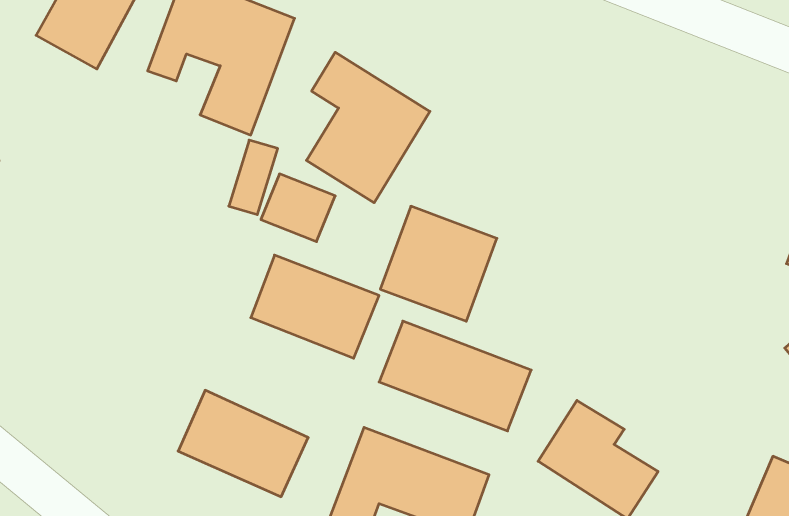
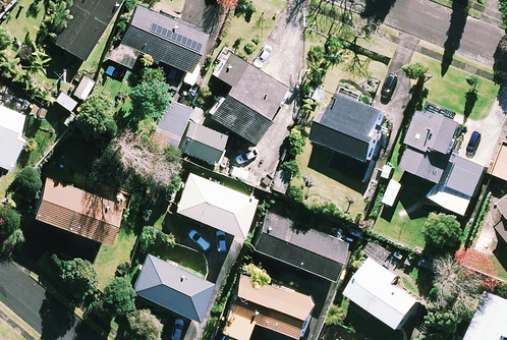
building: none -> [406,110,490,218]
building: [380,206,497,321] -> [321,96,391,165]
building: none -> [33,178,132,242]

